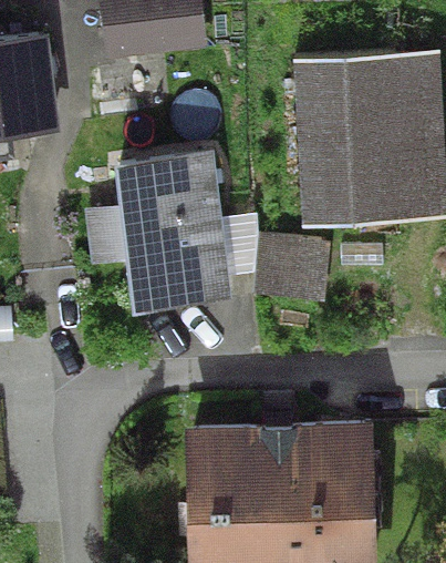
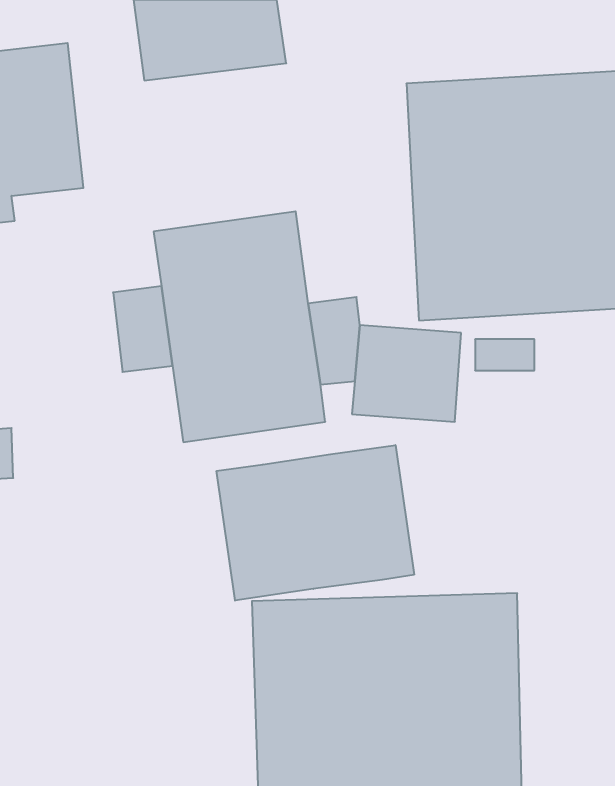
building: none -> [217,445,414,601]

